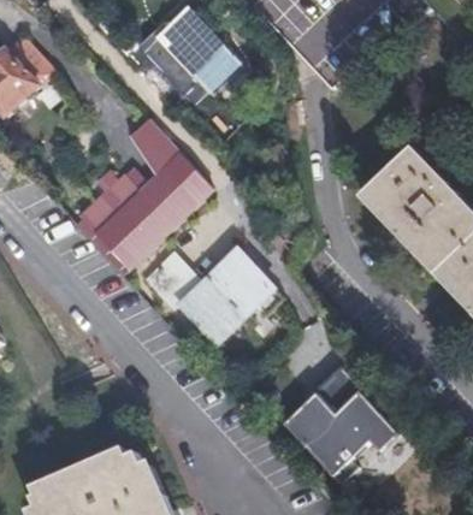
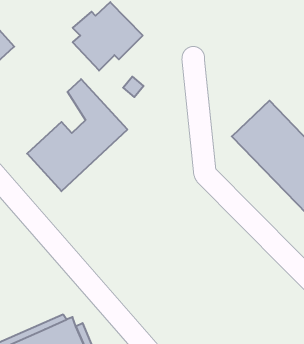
building: [120,241,274,344] -> none
building: [286,367,401,481] -> none

